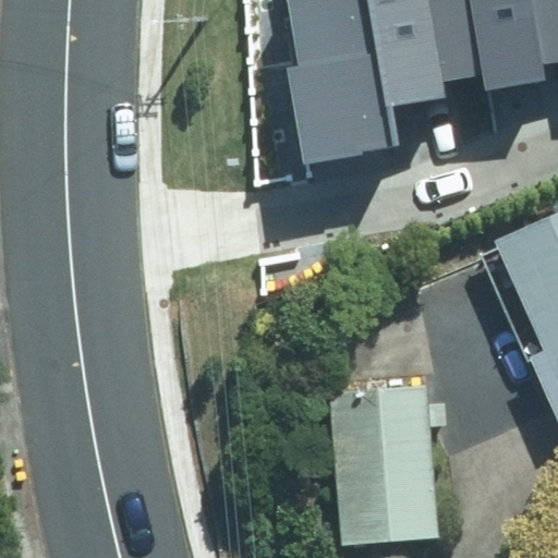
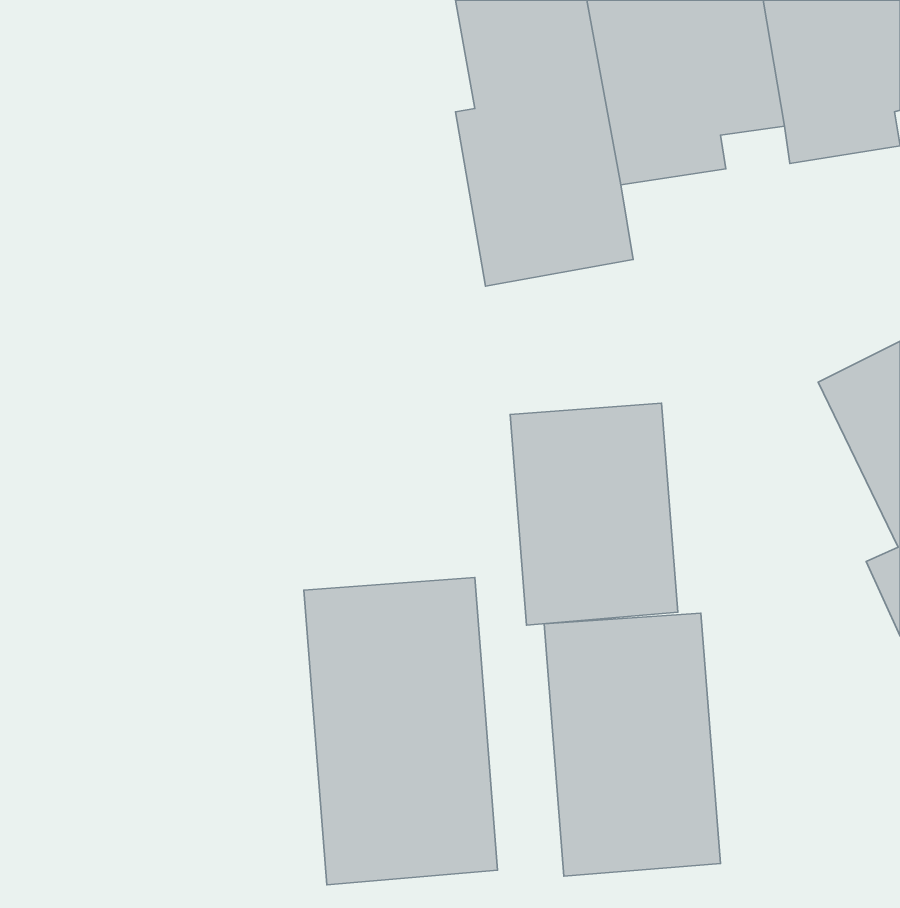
building: none -> [510,403,678,625]
building: none -> [304,577,497,885]

